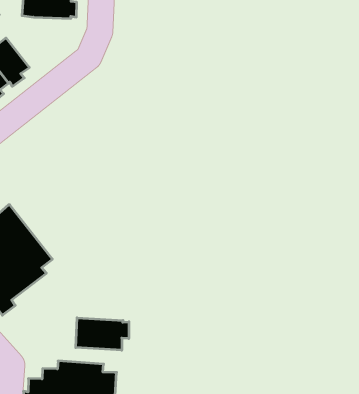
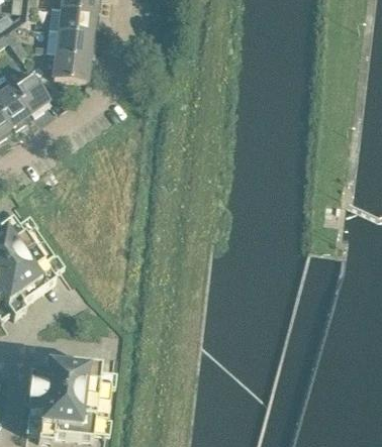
building: none -> [50,51,85,78]
building: [76,318,129,350] -> none

